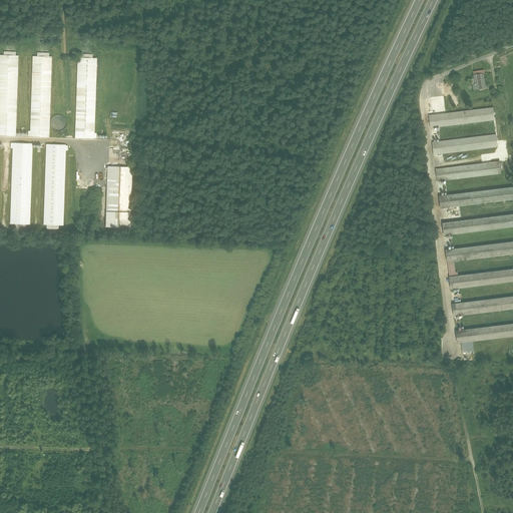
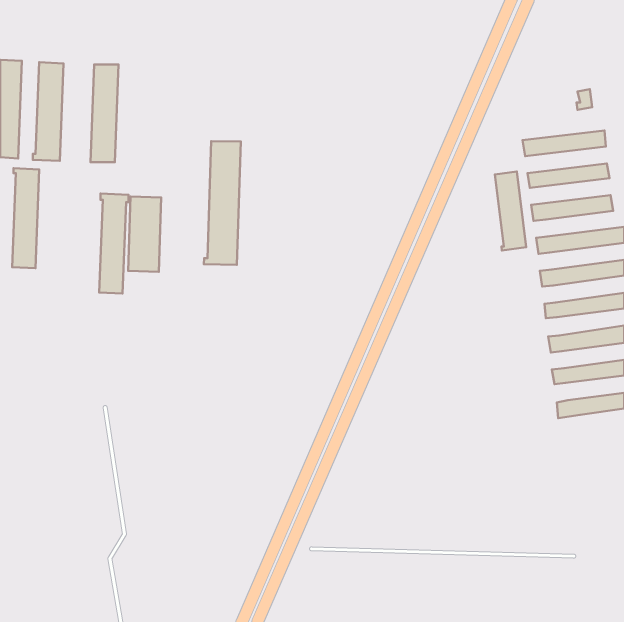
building: none -> [204,141,241,265]
building: [43,139,67,221] -> [99,194,129,294]
building: none -> [495,172,526,250]

